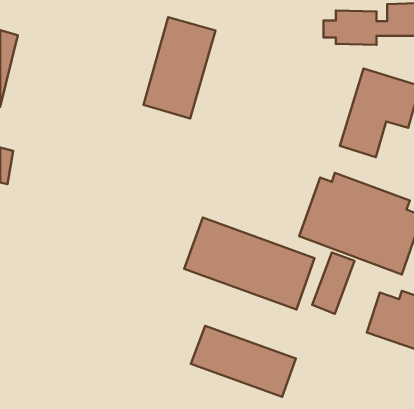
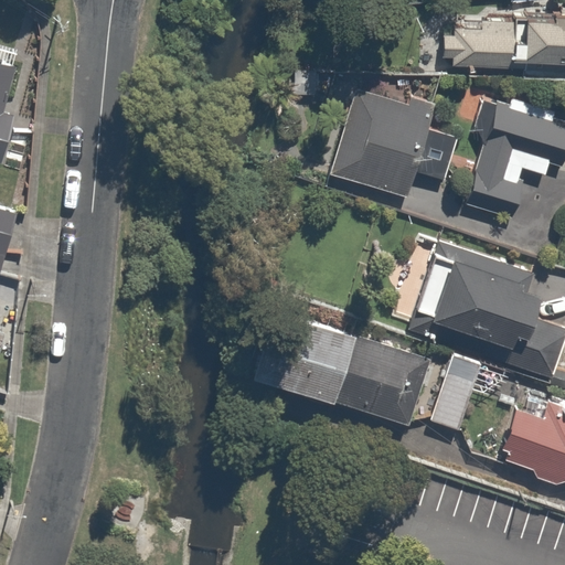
building: [143,17,215,119] -> none
building: none -> [331,92,456,199]
building: [191,326,296,397] -> none

